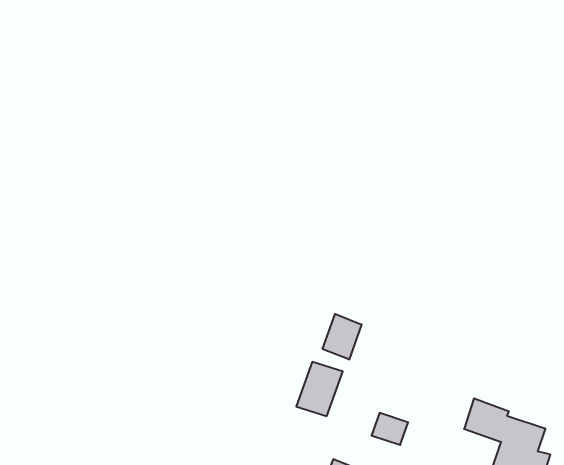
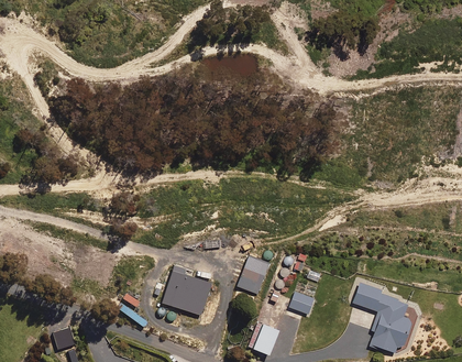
building: [323,314,362,360] -> none
building: none -> [162,266,212,315]

